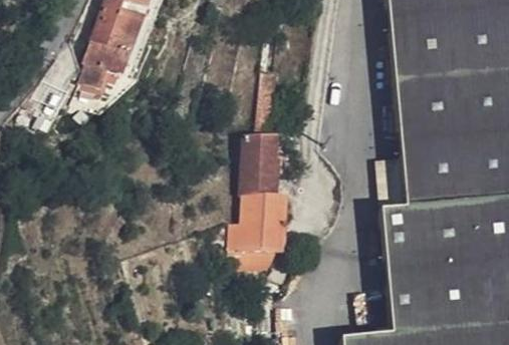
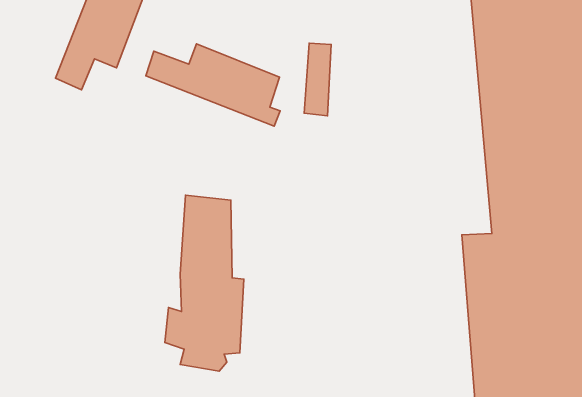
building: none -> [146,44,280,126]
building: [231,128,292,265] -> [165,195,244,371]

